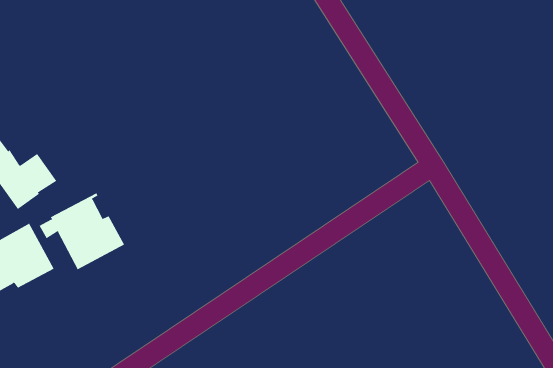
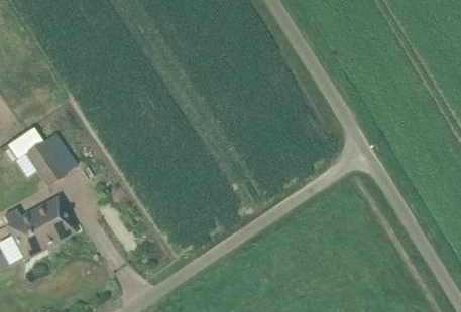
building: [39,192,125,270] -> none

